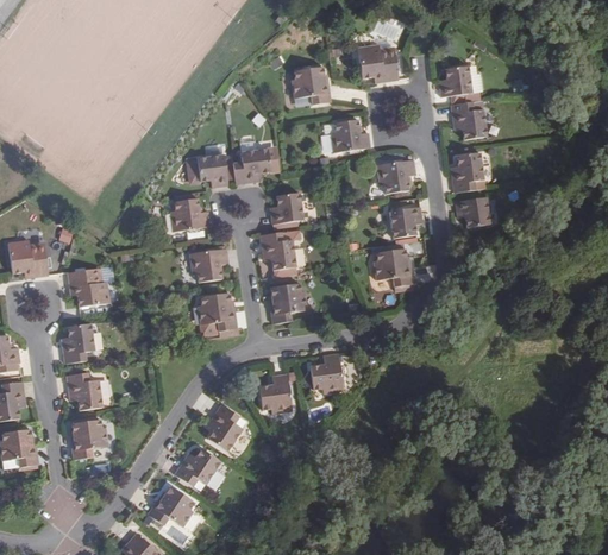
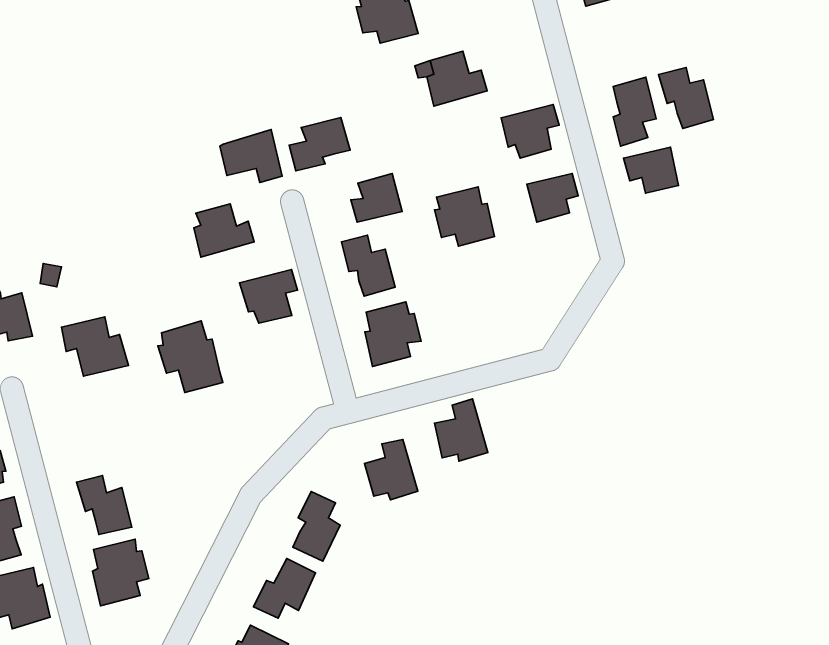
building: [451,102,484,143] -> [658,68,714,129]
building: [374,246,412,284] -> [434,187,495,246]
building: [196,290,237,336] -> [158,321,223,392]
building: [61,320,89,361] -> none

